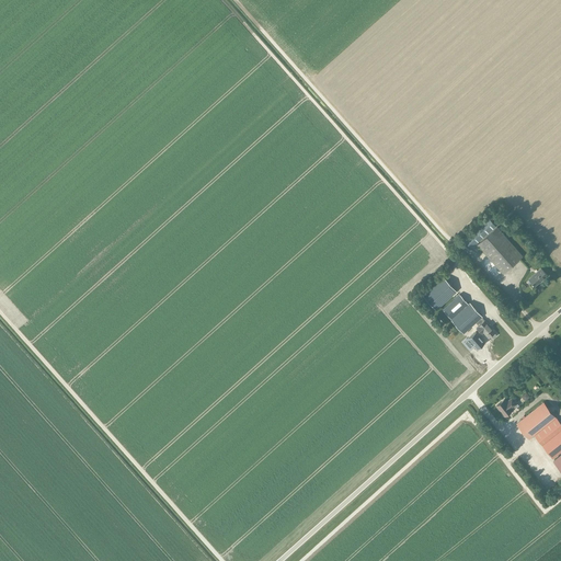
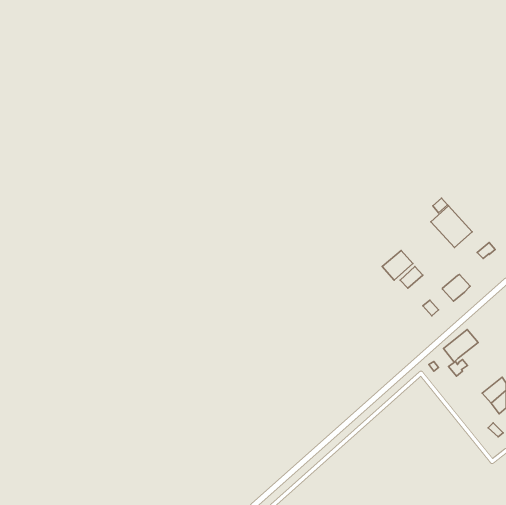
building: [451,305,482,334] -> [443,274,470,301]
building: [517,404,556,440] -> [443,330,478,362]

